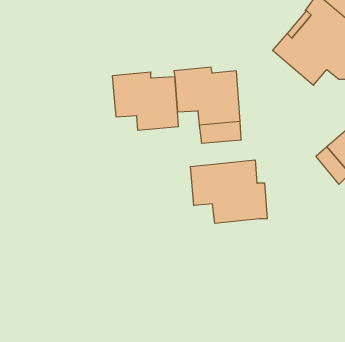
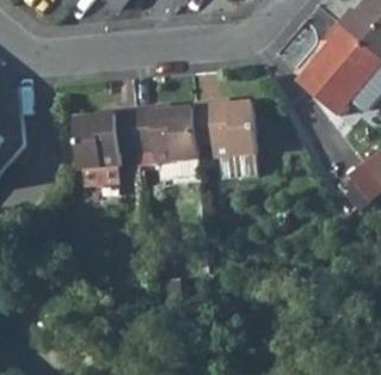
building: none -> [75,106,136,185]
building: [190,160,267,223] -> none

